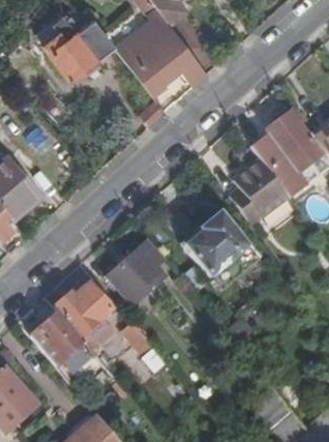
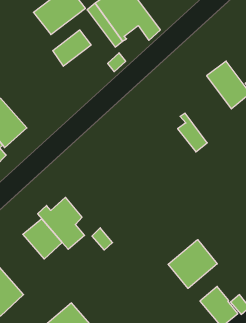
building: none -> [53,30,91,66]
building: [239,160,289,214] -> none
building: [180,211,247,277] -> none
building: [106,246,159,299] -> none
building: none -> [168,240,217,288]

